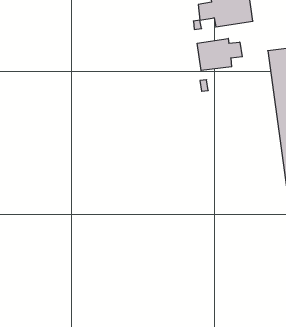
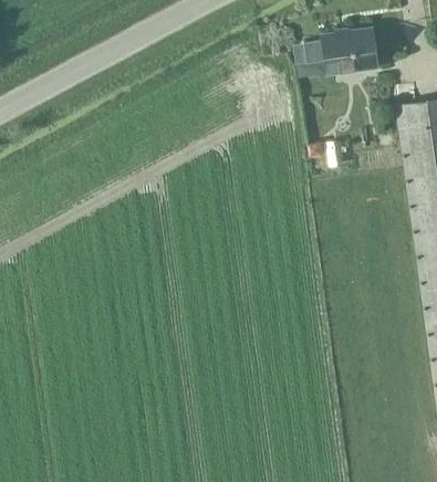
building: [197,38,242,71] -> none

